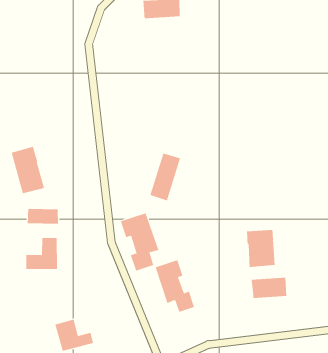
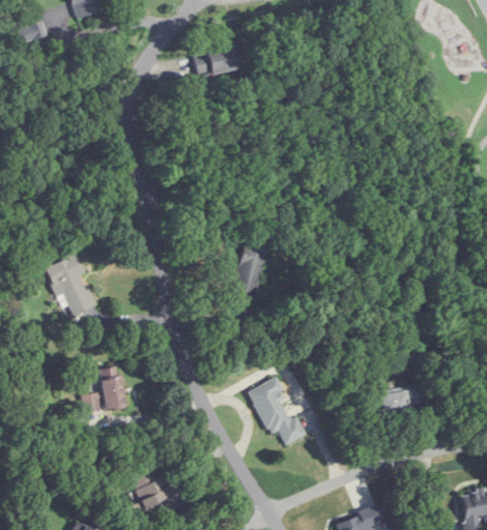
building: [27,208,59,224] -> none
building: [120,212,159,272] -> none
building: [246,229,275,268] -> none

